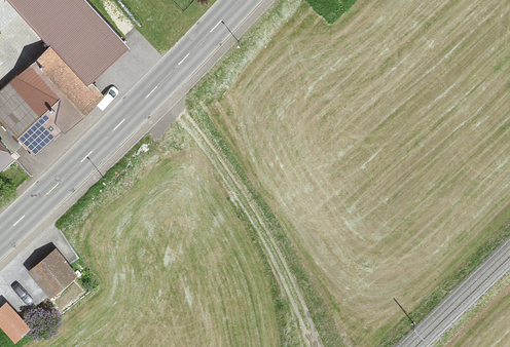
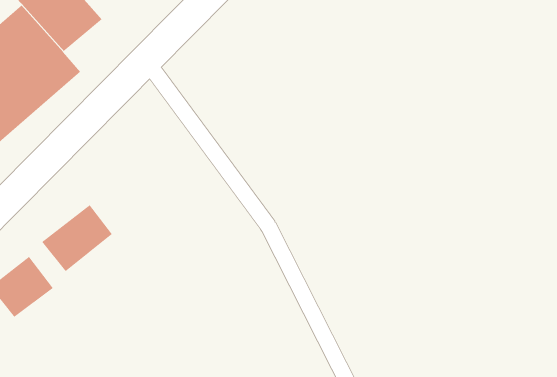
building: none -> [41,204,113,272]

